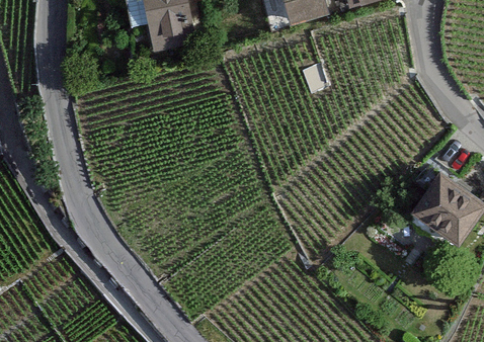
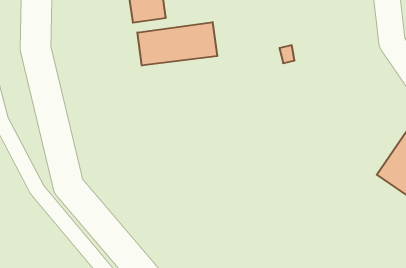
building: none -> [137,22,217,66]

